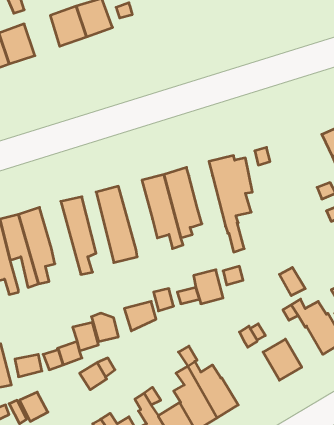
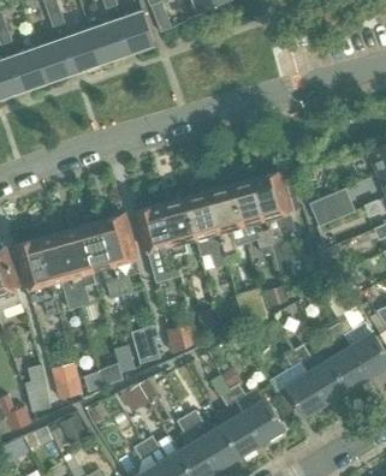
building: none -> [64,30,100,71]
building: none -> [230,179,272,256]
building: none -> [309,189,354,226]
building: none -> [160,198,195,269]
building: none -> [79,220,121,298]
building: none -> [331,347,369,389]
building: none -> [286,374,325,416]

